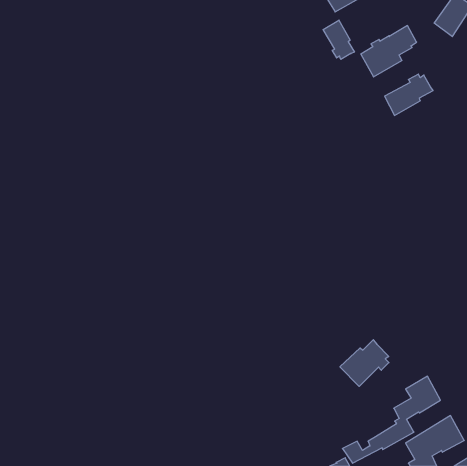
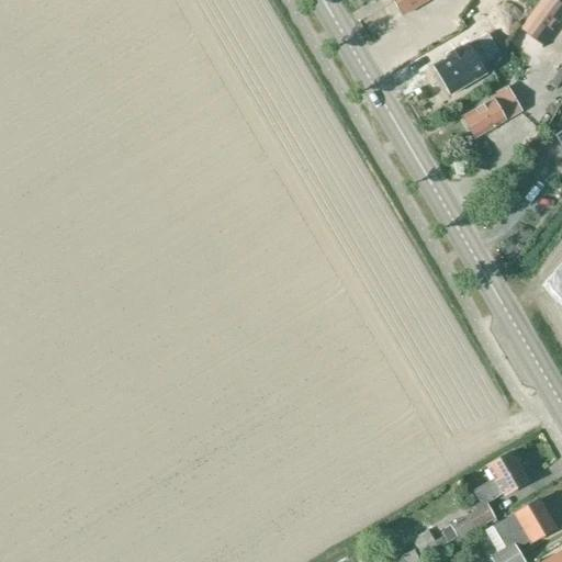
building: [323,20,354,59] -> none
building: [340,340,389,386] -> none

